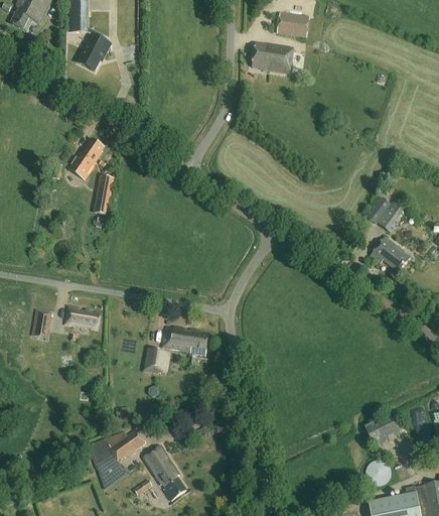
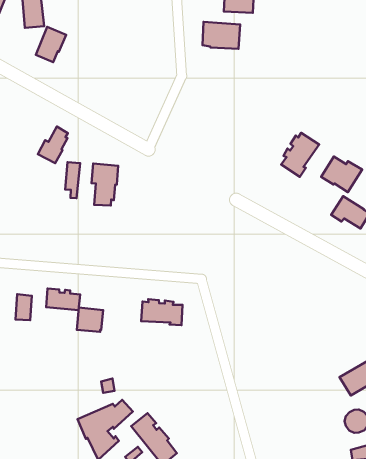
building: none -> [281,133,319,177]
building: none -> [91,164,118,205]
building: [141,347,170,374] -> [77,307,103,332]

